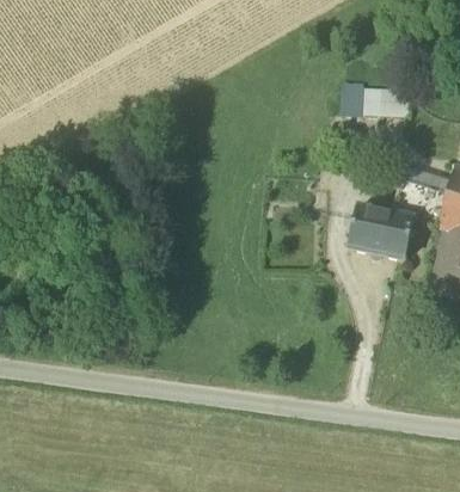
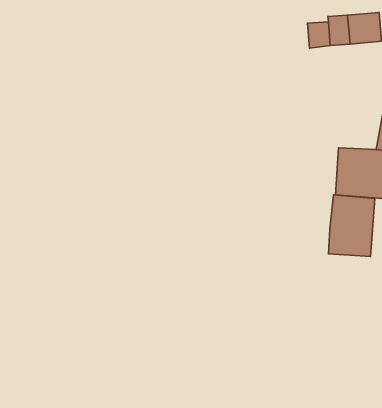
building: none -> [329,195,375,257]

